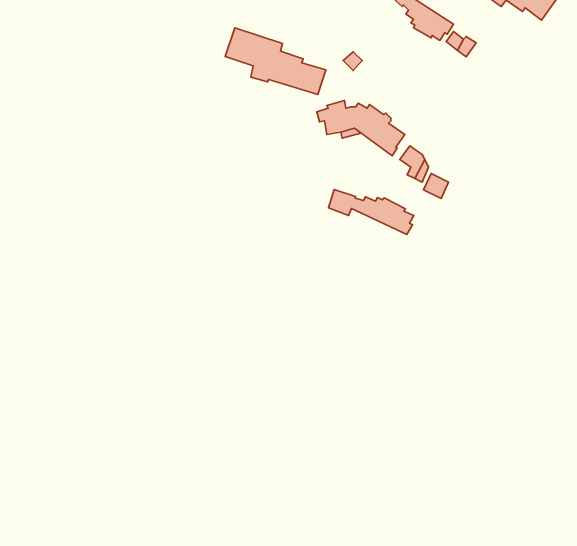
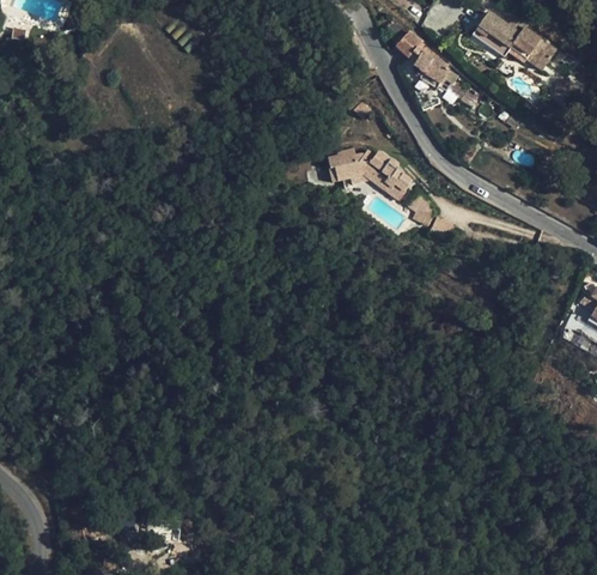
building: [225,28,326,94] -> none
building: [328,190,414,234] -> none

